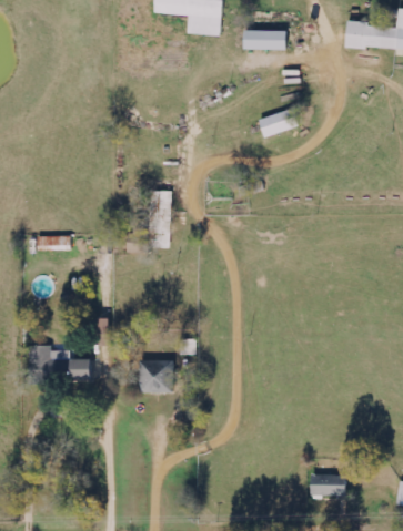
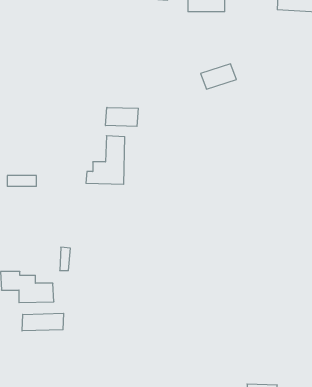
building: none -> [106,107,138,126]
building: [140,351,175,392] -> none
building: none -> [22,313,63,331]

